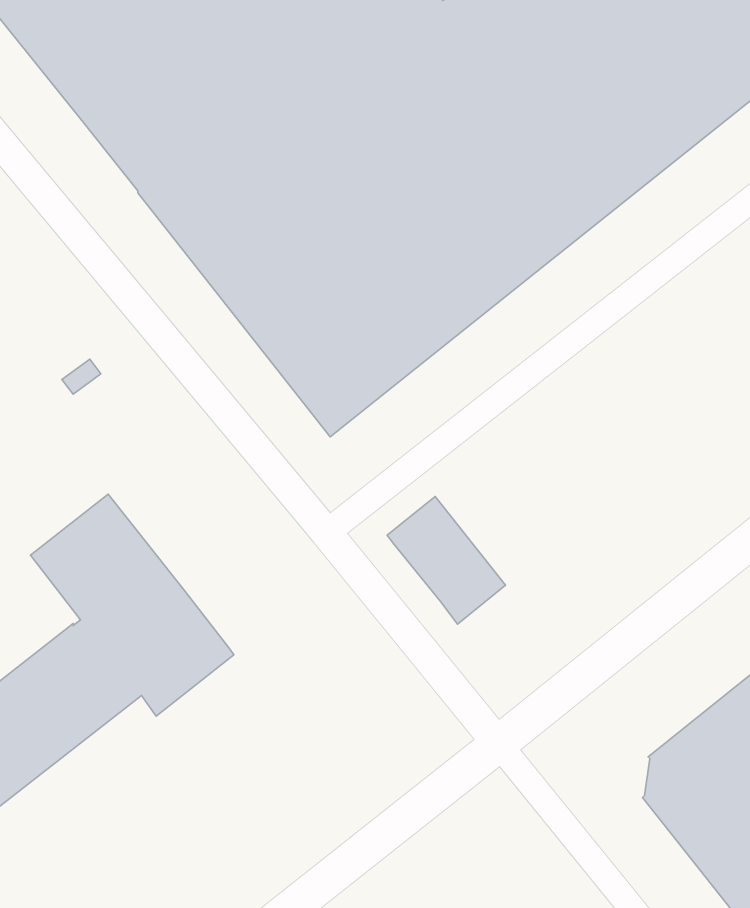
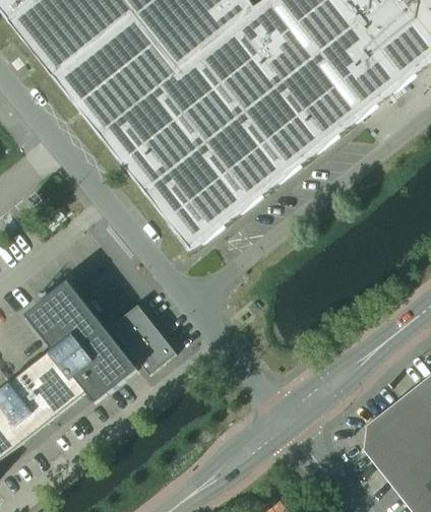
building: [387,496,506,624] -> [111,304,176,374]

